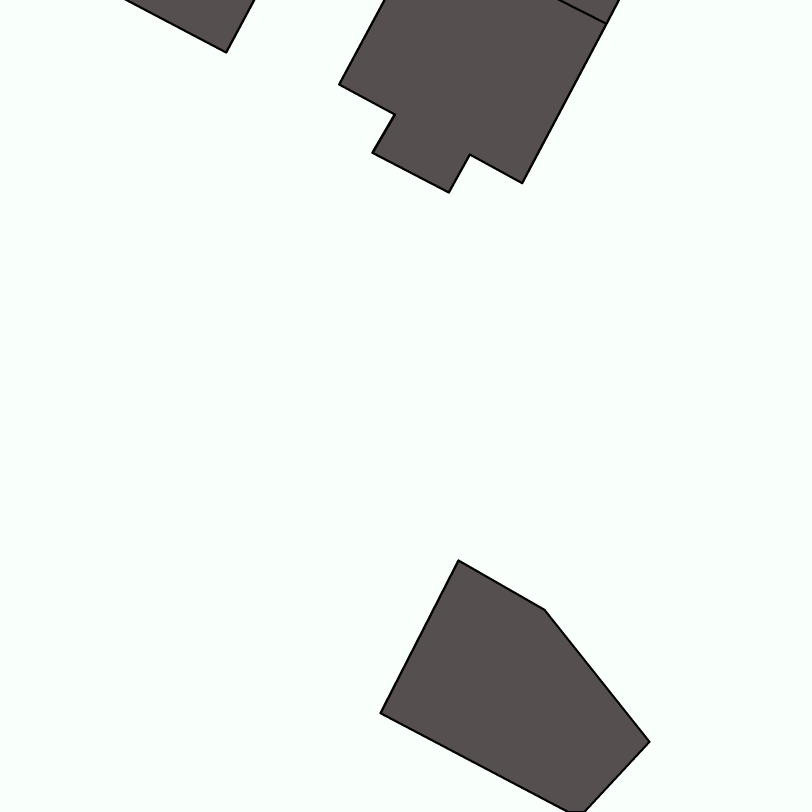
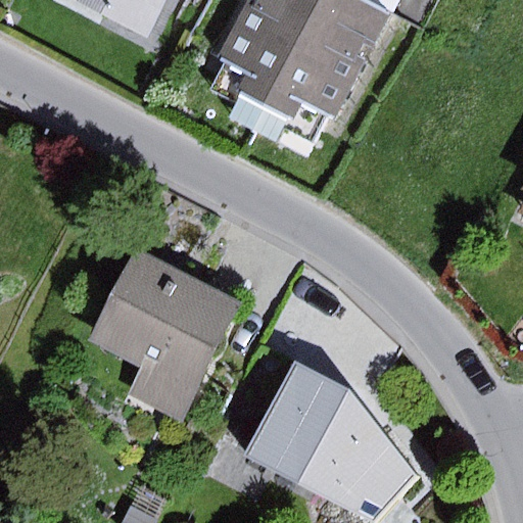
building: none -> [86,247,241,421]

